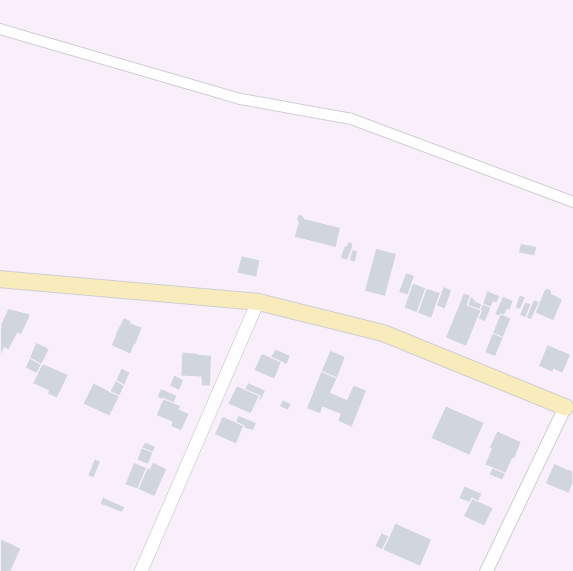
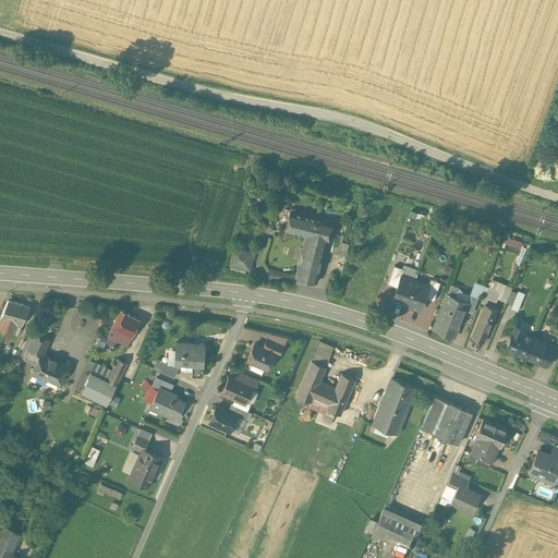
building: [364,248,397,296] -> [295,238,327,284]
building: [535,288,563,321] -> [505,326,532,357]
building: none -> [375,381,415,436]

